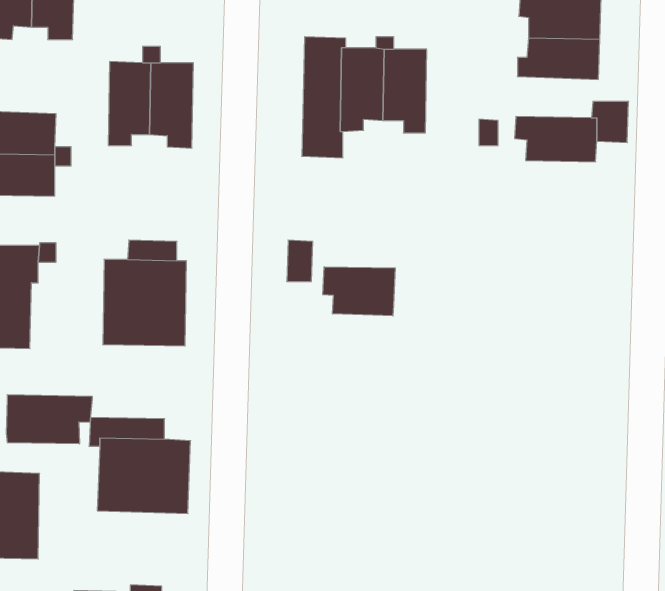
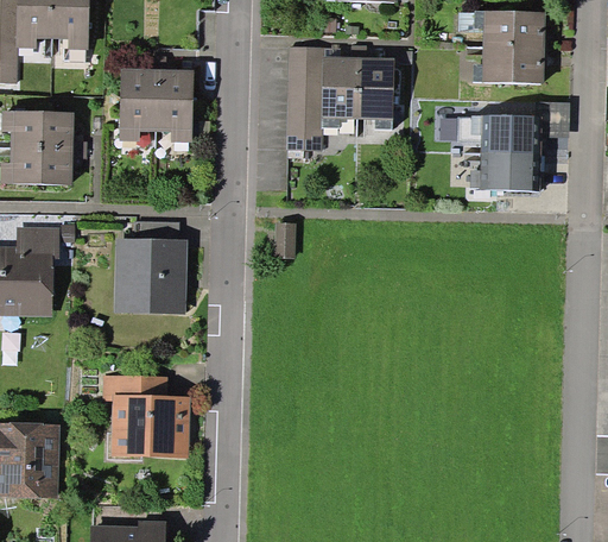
building: none -> [469,153,540,190]
building: [323,267,395,316] -> none
building: [6,395,92,444] -> none

